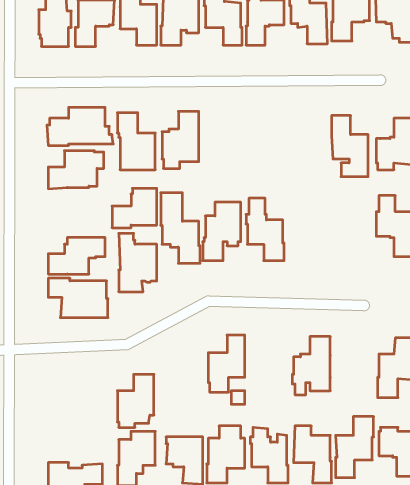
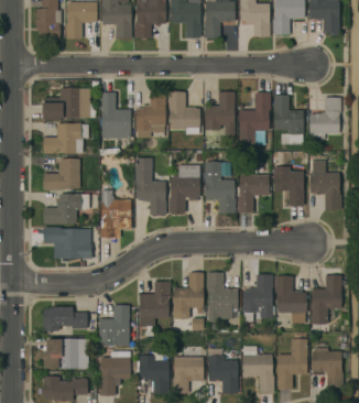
building: none -> [204,91,235,132]
building: none -> [168,92,199,134]
building: none -> [238,92,270,145]
building: [112,188,157,228] -> [43,159,79,190]
building: none -> [273,166,303,206]
building: none -> [237,174,269,213]
building: none -> [206,272,237,323]
building: none -> [274,276,306,323]
building: none -> [139,282,170,336]
building: none -> [42,306,87,330]
building: none -> [43,338,88,368]

